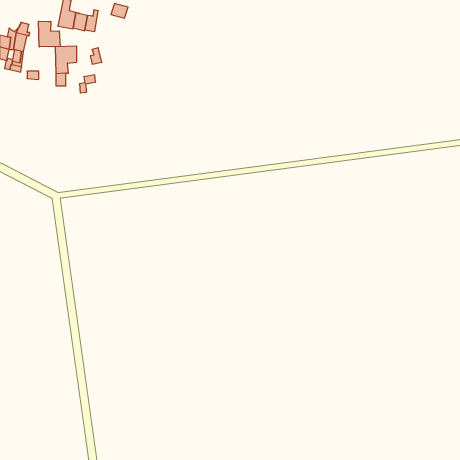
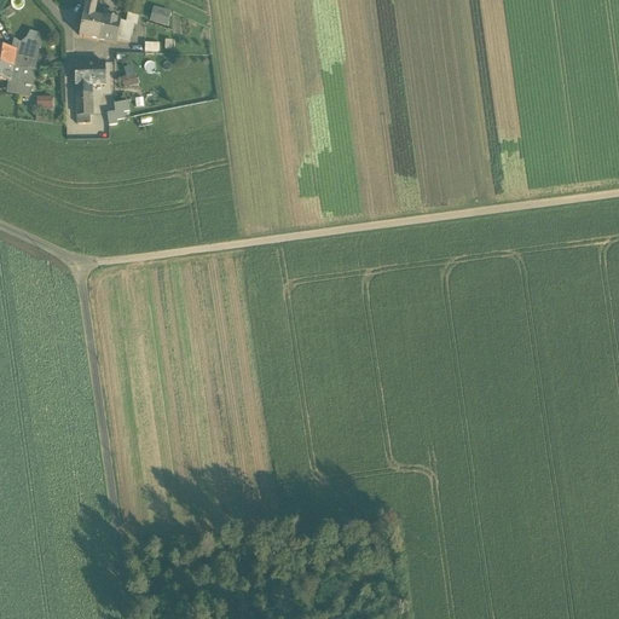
building: [38,21,60,47] -> none

